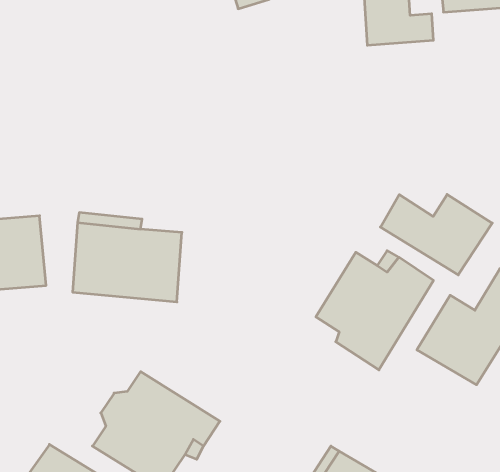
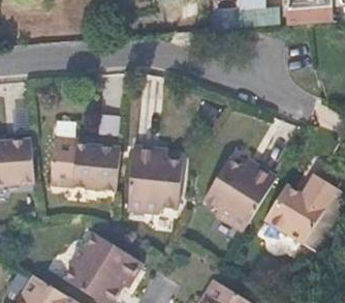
building: [380,194,492,275] -> none
building: none -> [128,142,182,213]

